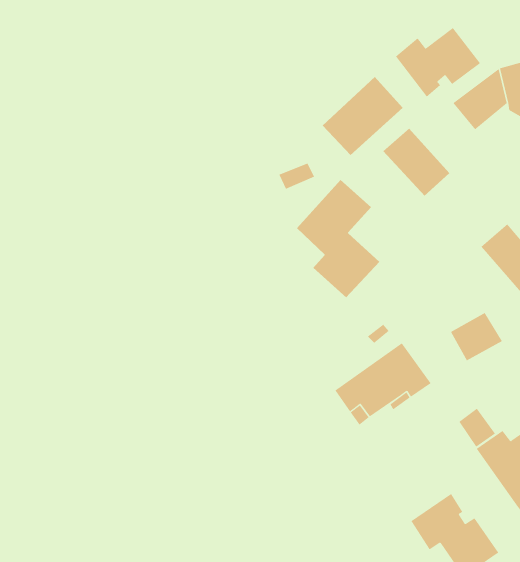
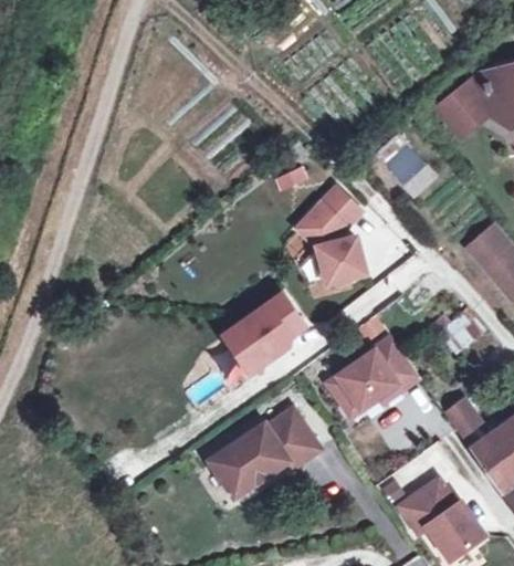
building: [395,27,481,97] -> none
building: [322,76,403,156] -> none
building: none -> [224,296,304,375]
building: none -> [209,408,318,496]

